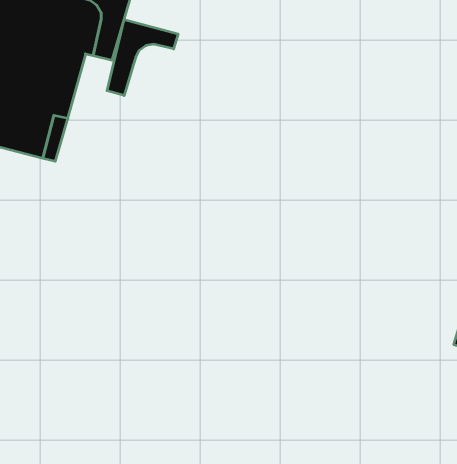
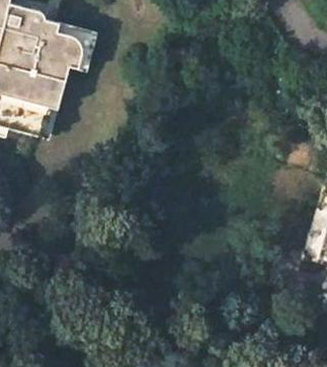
building: [107,20,178,96] -> none

